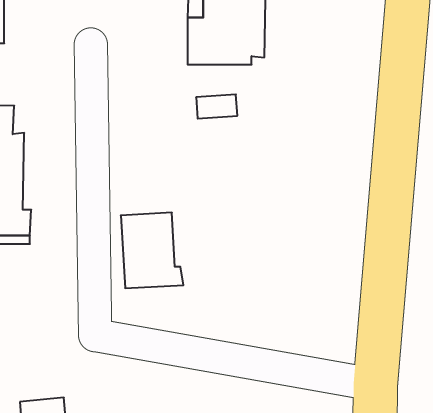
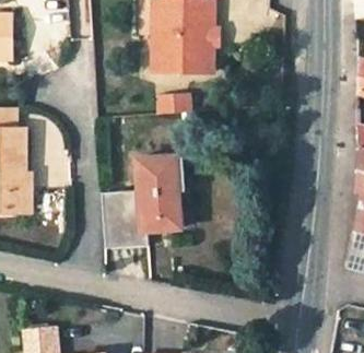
building: none -> [139,154,186,227]

